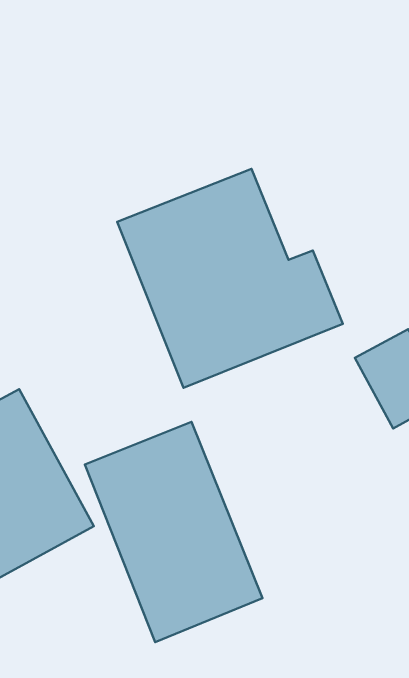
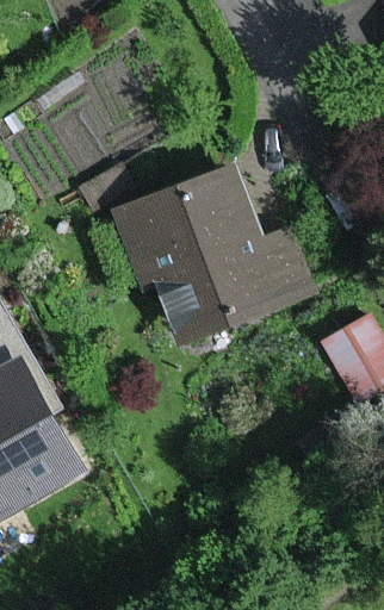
building: [85,422,263,642] -> none

